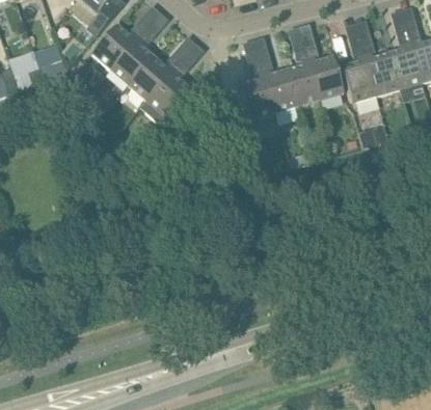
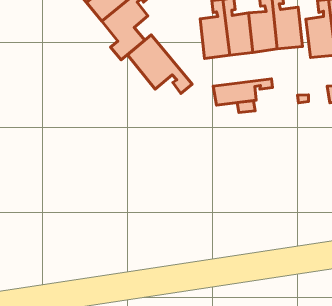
building: none -> [127,35,192,94]
building: none -> [213,79,272,105]

